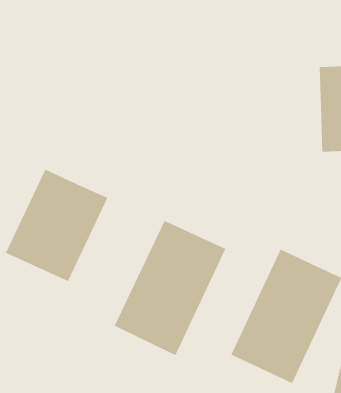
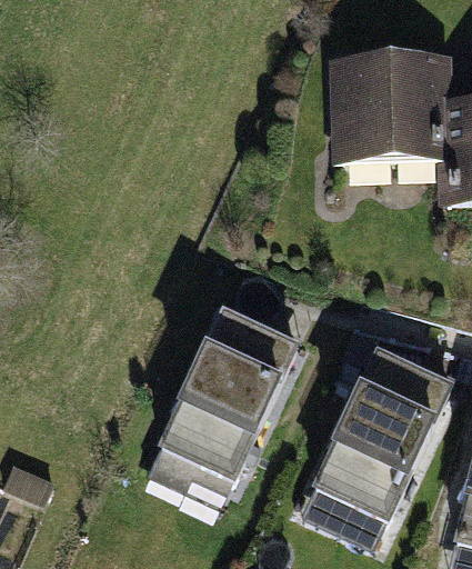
building: none -> [320,61,433,176]
building: [5,169,108,282] -> none

